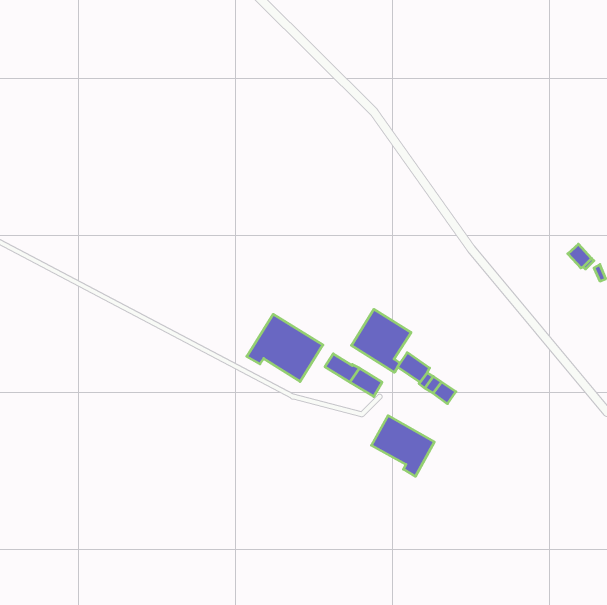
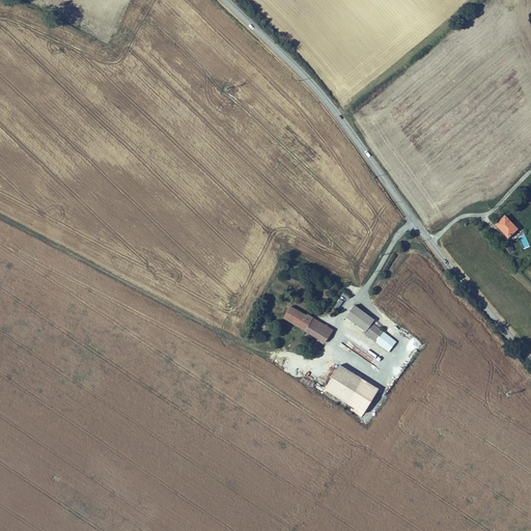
building: [351,309,411,372] -> none
building: [247,314,323,382] -> none

